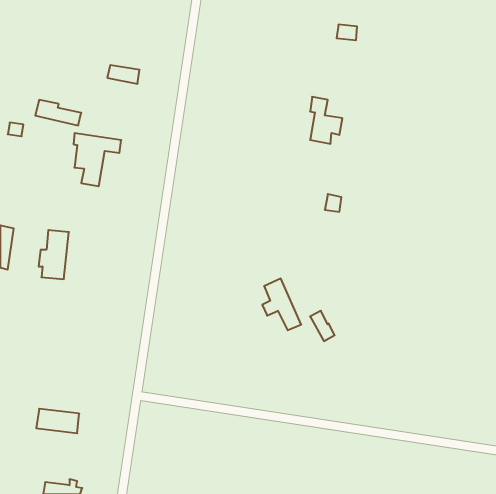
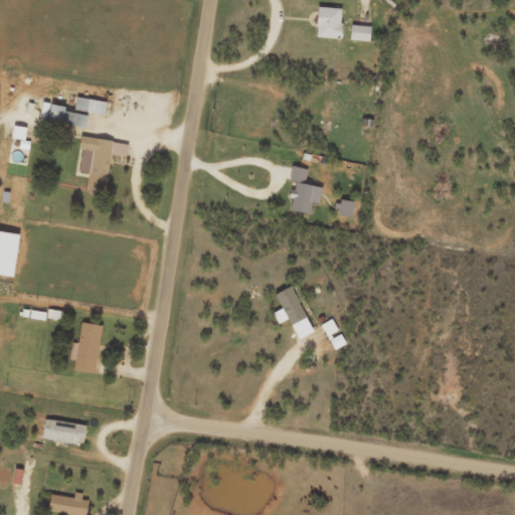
building: none -> [316,7,342,38]
building: [107,65,140,84] -> [74,97,108,116]
building: [310,97,342,144] -> [291,166,324,214]
building: [39,230,69,279] -> [71,323,103,373]

